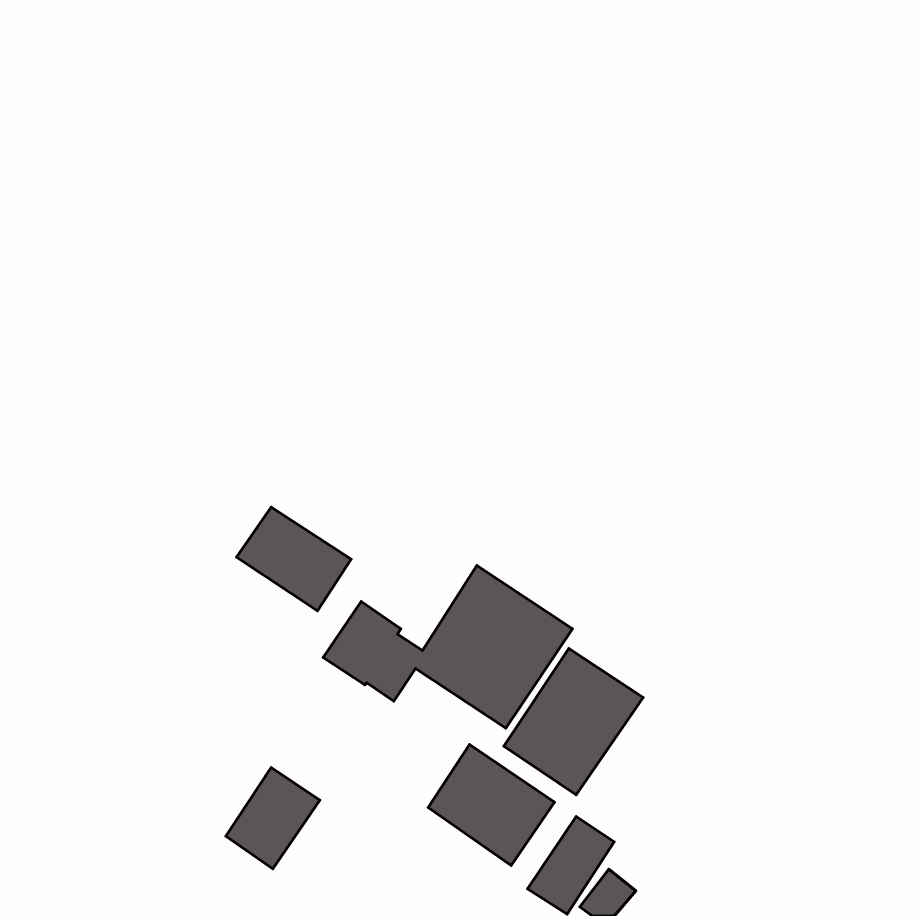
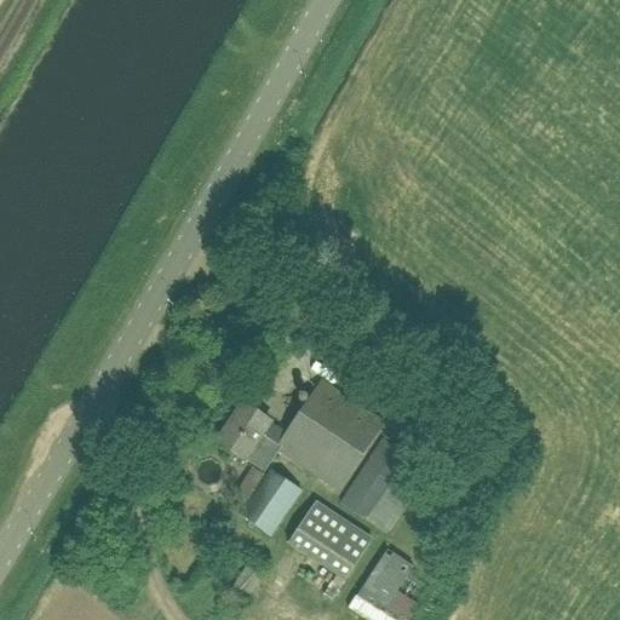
building: [236,507,351,611] -> none
building: [226,768,320,869] -> [236,466,299,534]

